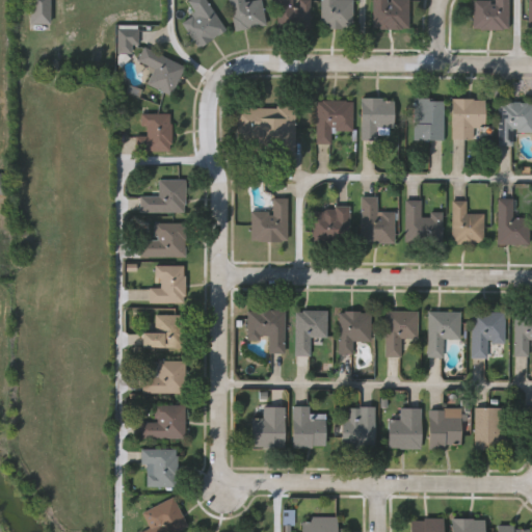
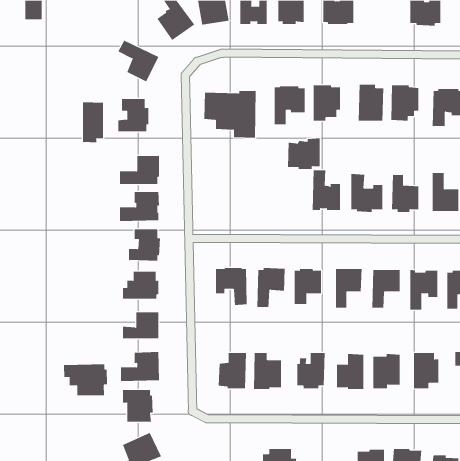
building: [116,30,138,54] -> none
building: none -> [83,101,103,143]
building: [250,200,289,243] -> none
building: [312,206,350,242] -> [287,138,320,169]
building: none -> [64,364,107,396]

